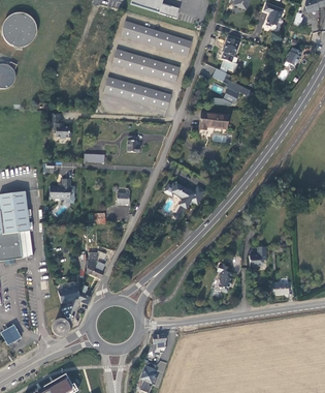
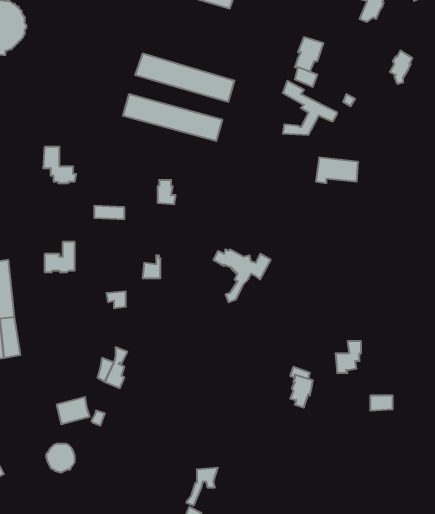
building: [121,20,192,56] -> none
building: [199,112,228,129] -> [316,157,358,183]

